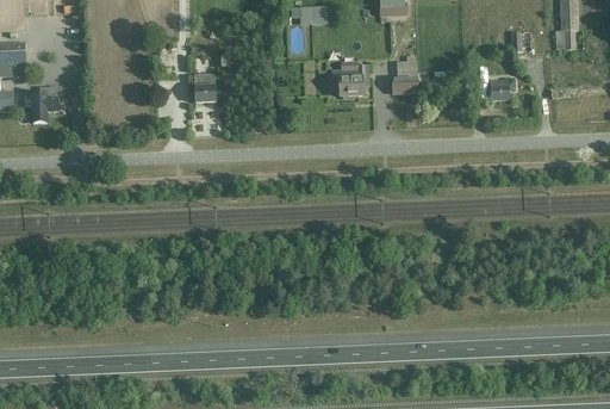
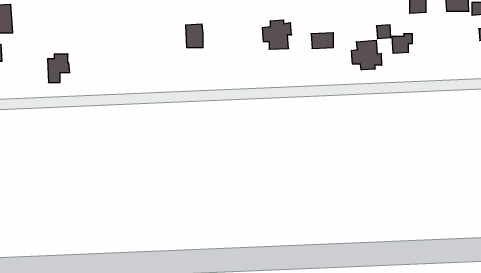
building: [193,73,214,101] -> [186,24,203,48]
building: none -> [352,40,382,70]
building: [31,87,58,122] -> [47,54,70,82]

